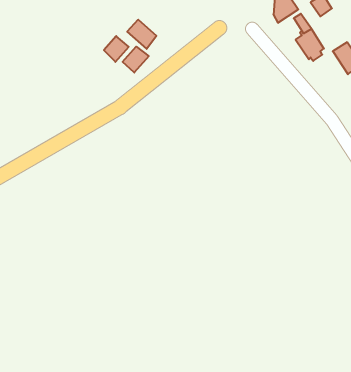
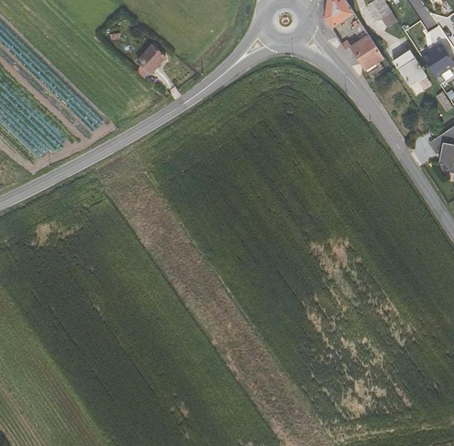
building: [127,20,156,49] -> none
building: [123,47,149,73] -> none

